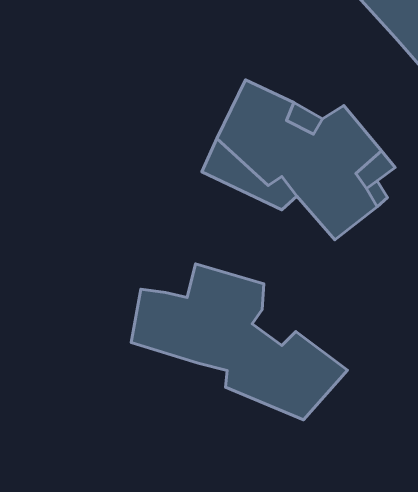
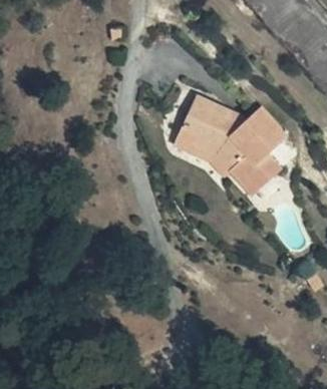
building: [131,264,347,420] -> none

